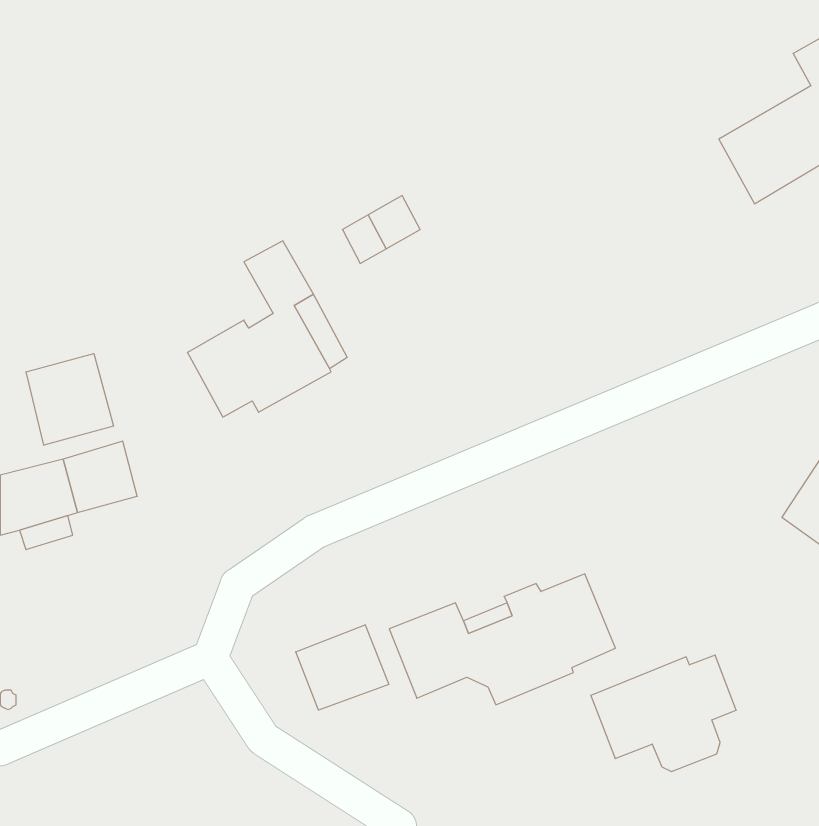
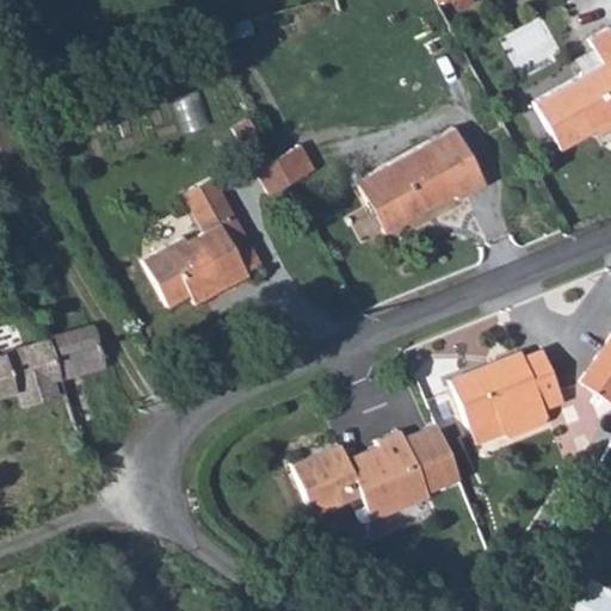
building: none -> [358,126,488,234]
building: [26,354,114,445] -> none
building: [296,625,389,710] -> none
building: [591,655,736,772] -> [452,351,560,437]

